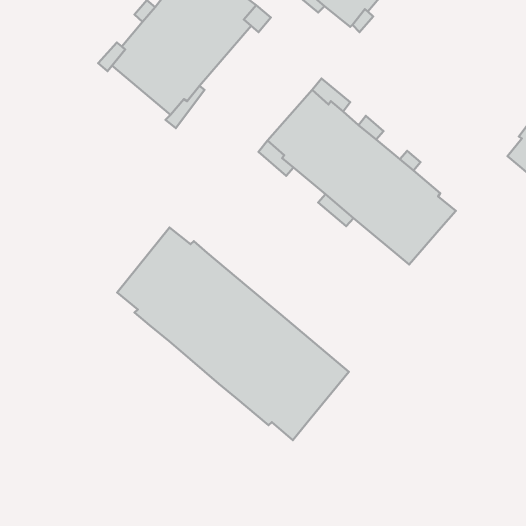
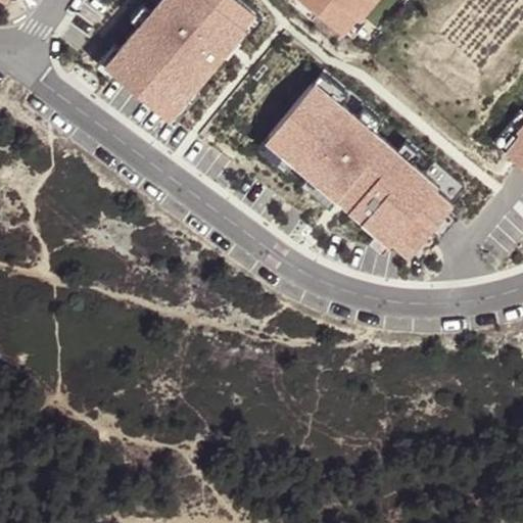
building: [117,227,349,440] -> none

